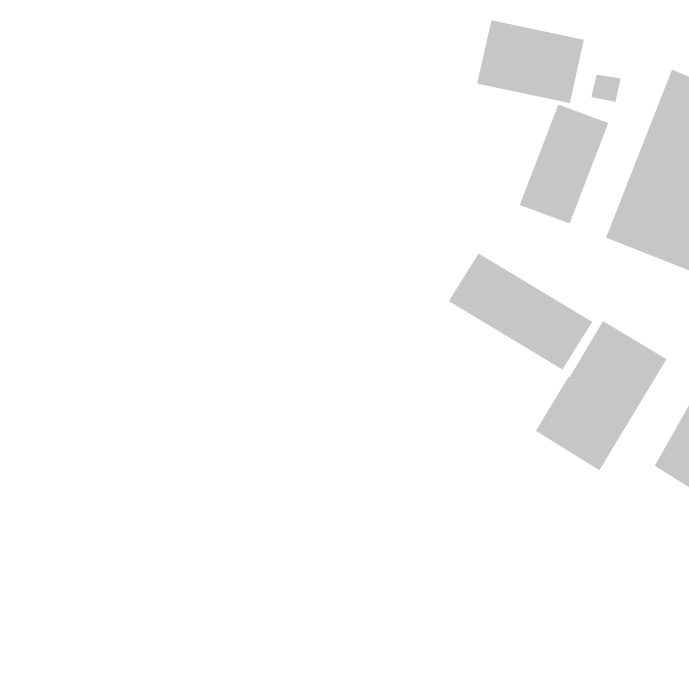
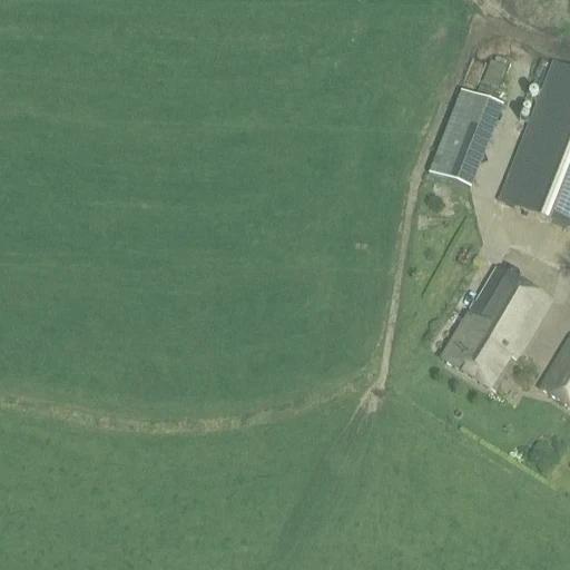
building: [477,20,585,104] -> none
building: [448,253,593,370] -> none

